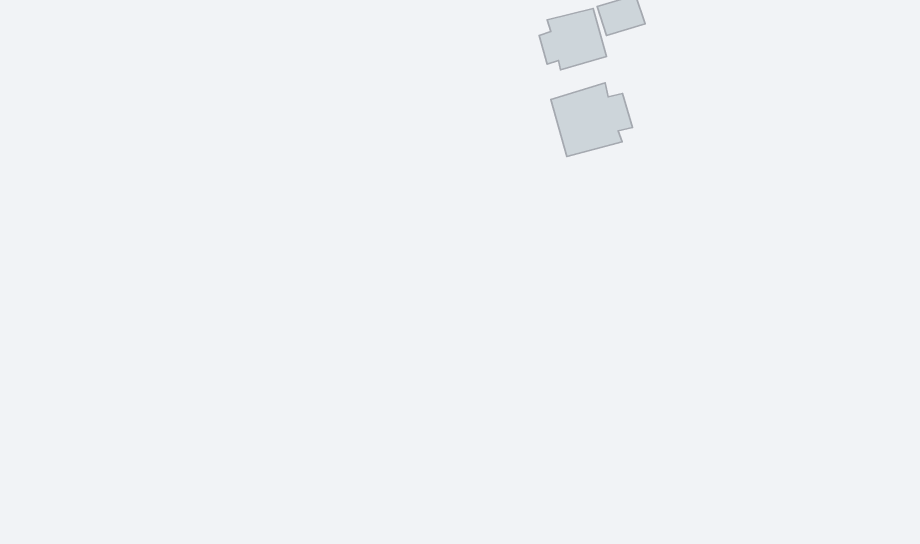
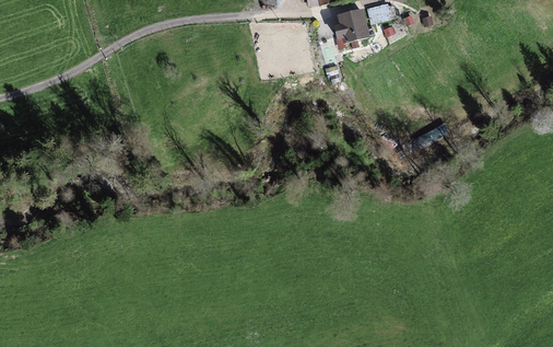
building: [551,83,632,157] -> none

